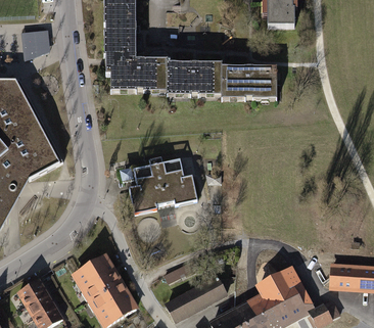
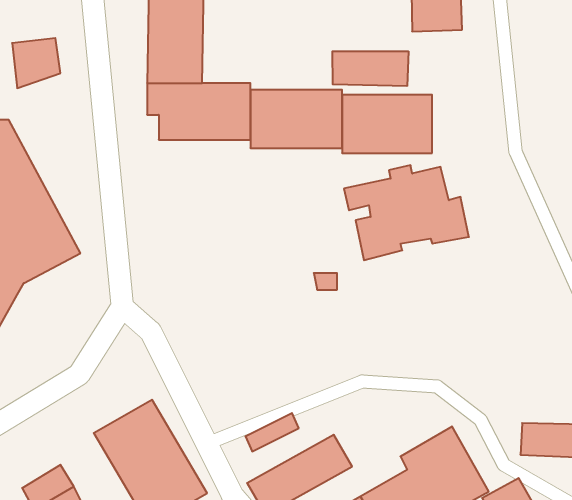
building: none -> [332,51,408,86]
building: [122,155,198,214] -> [344,165,469,260]
building: [18,278,50,306] -> none

